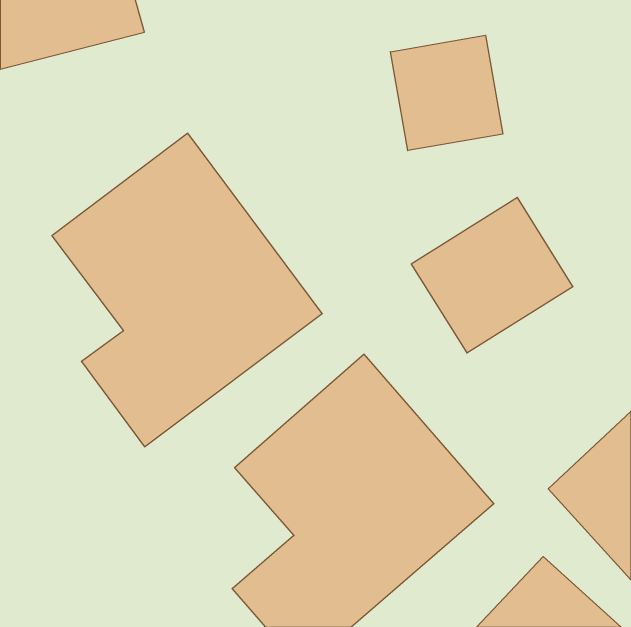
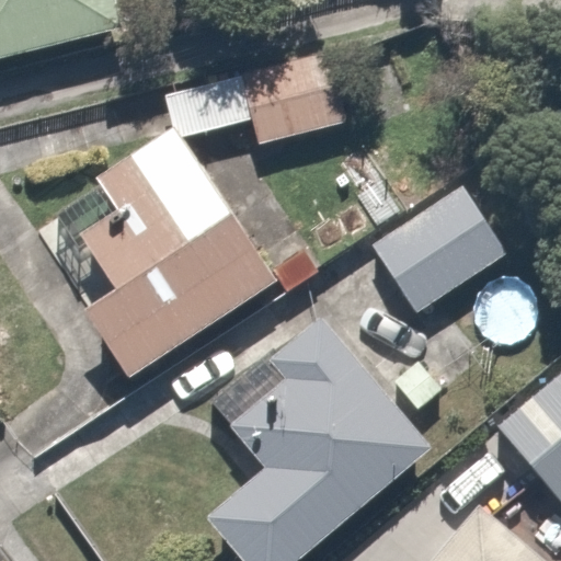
building: [390,35,503,151] -> none
building: none -> [176,47,332,141]

